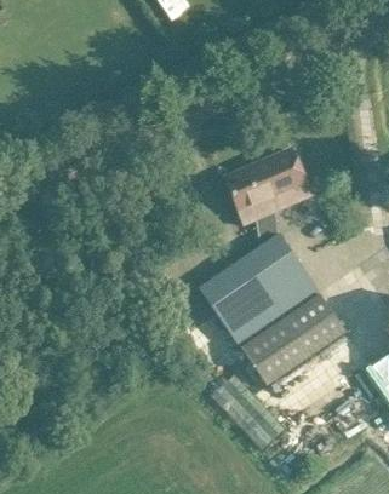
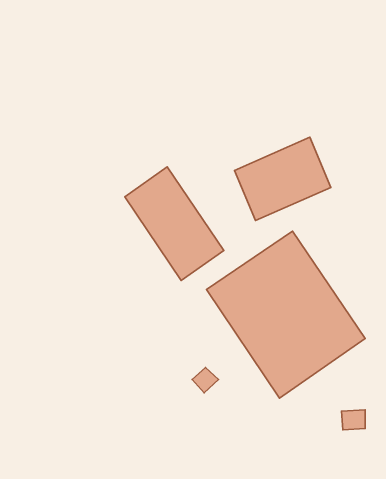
building: none -> [125,167,224,280]

